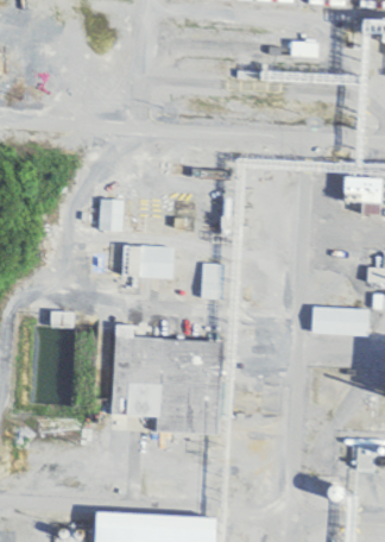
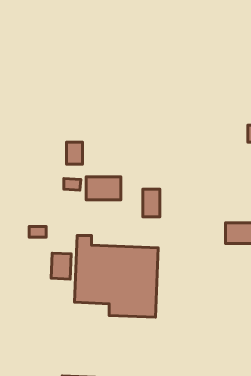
building: none -> [51,253,71,279]

